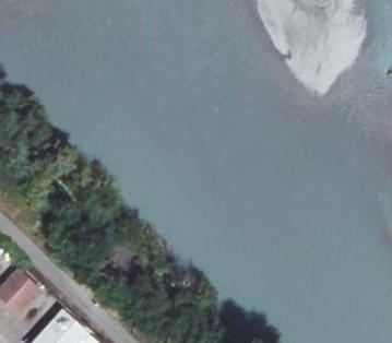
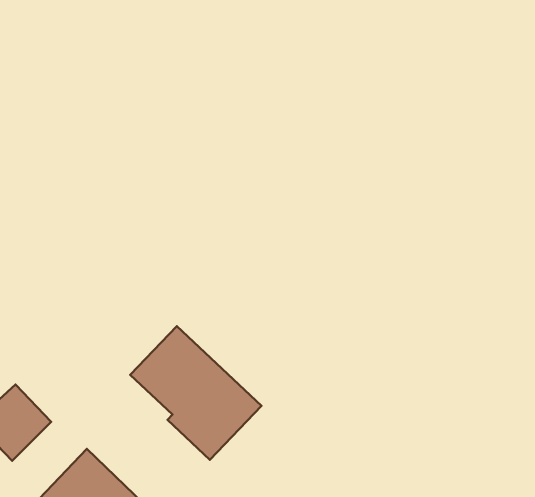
building: none -> [130,326,261,460]

